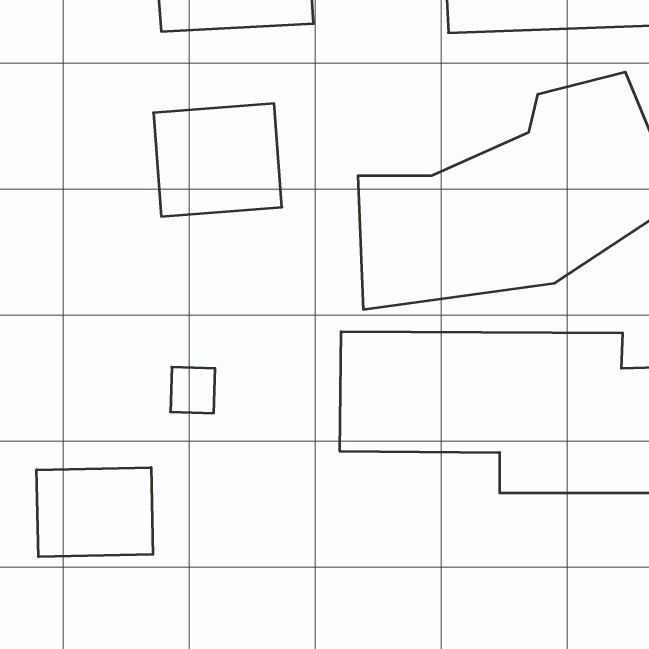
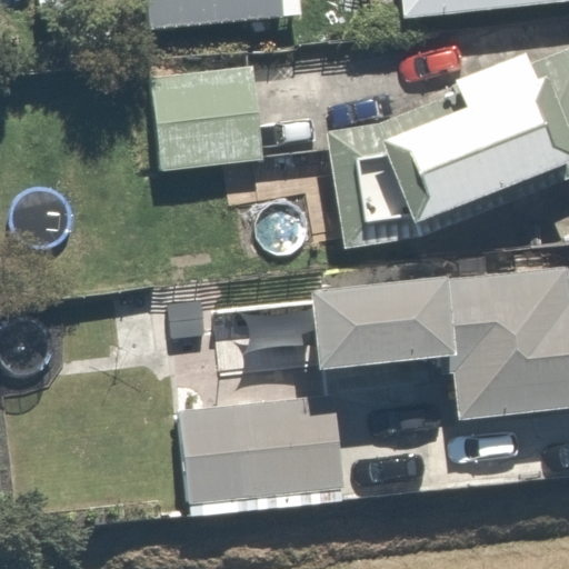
building: [37,467,153,557] -> none
building: none -> [172,418,332,507]

